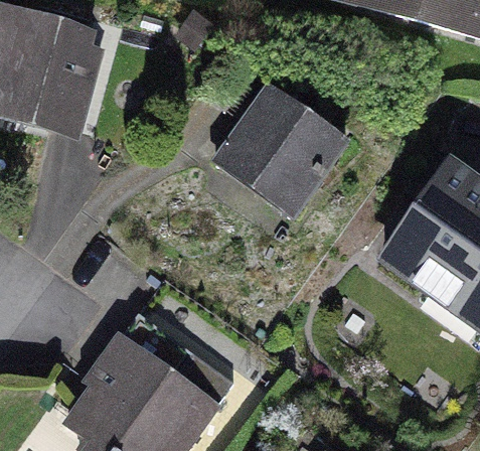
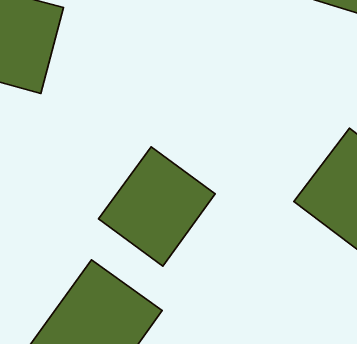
building: [228,83,358,210] -> none
building: none -> [99,147,215,266]

